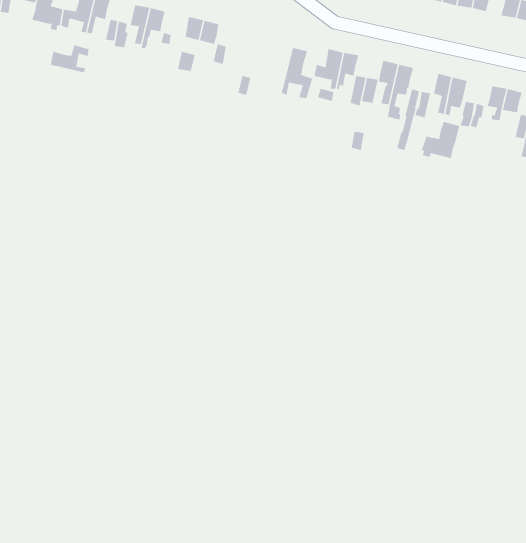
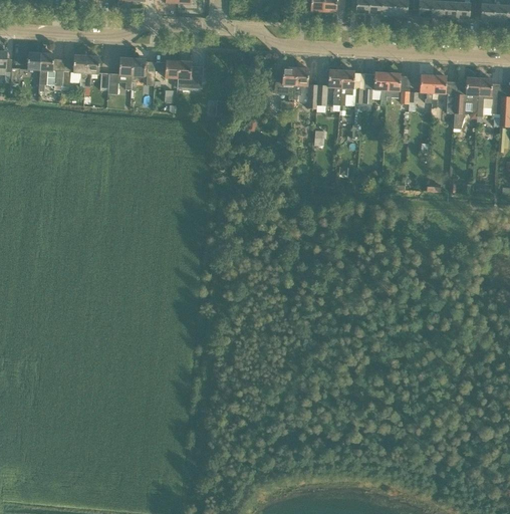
building: [50,44,89,73] -> none
building: [281,47,313,99] -> none
building: [421,121,460,159] -> none

